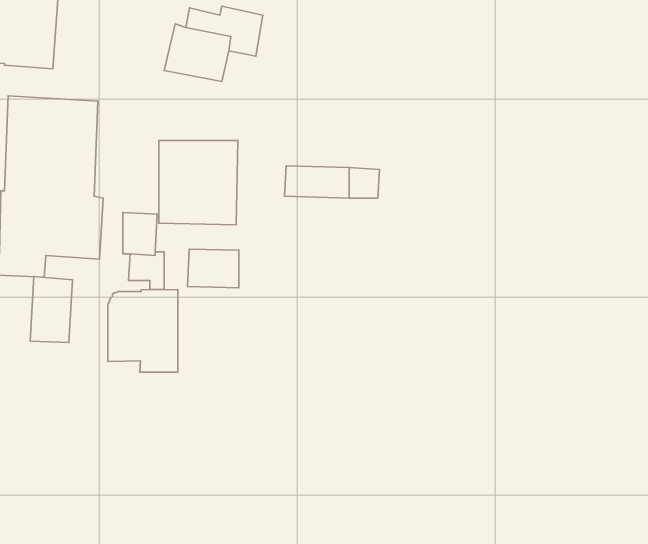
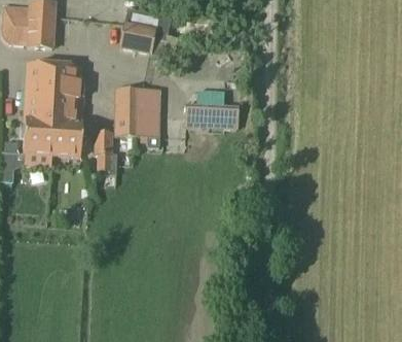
building: [188,249,239,288] -> none
building: [30,277,73,342] -> none
building: [108,289,178,372] -> none

